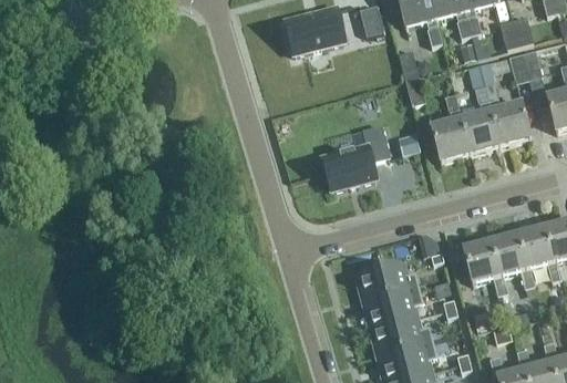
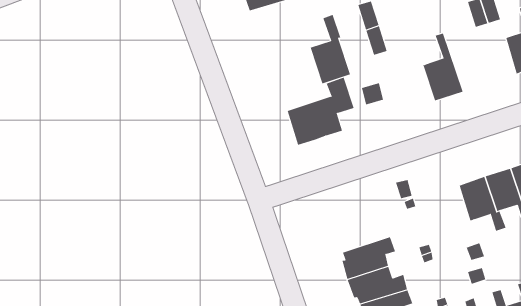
building: [480,61,530,146] -> none
building: [431,92,471,162] -> [310,14,351,84]
building: [463,240,508,296] -> none
building: [358,262,419,301] -> none

